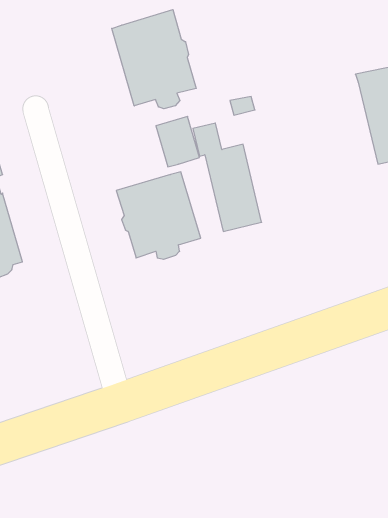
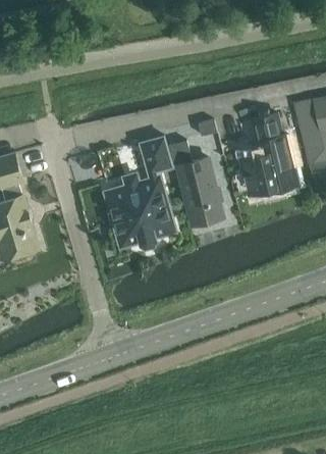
building: [112,10,196,109] -> none
building: none -> [241,114,297,194]

